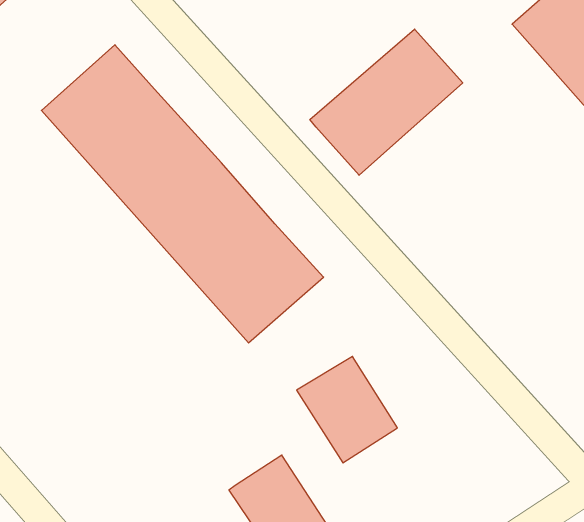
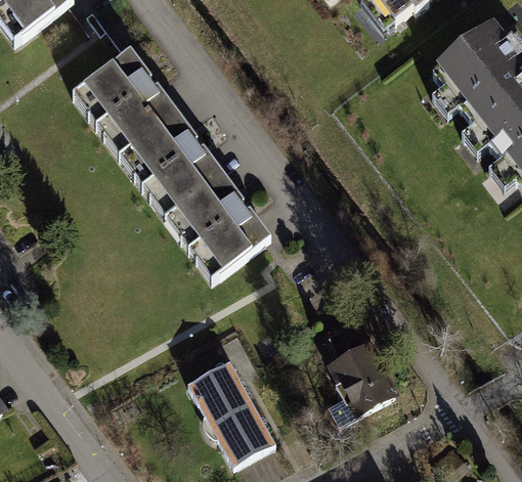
building: [310,29,463,175] -> none
building: [297,356,397,463] -> [324,341,397,420]

